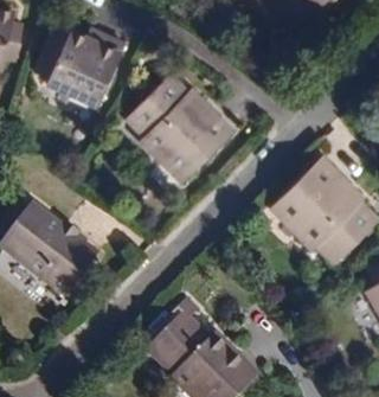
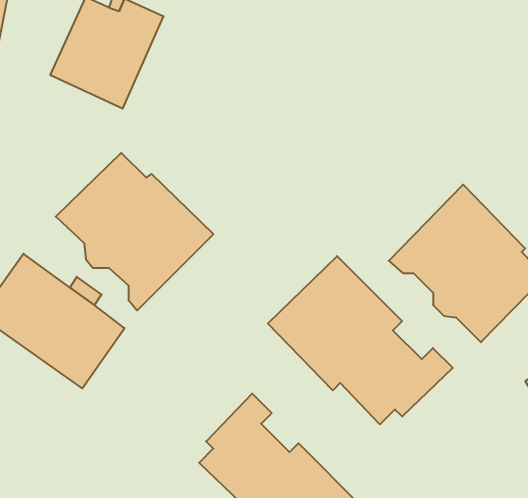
building: [127,78,232,184] -> [56,153,213,310]
building: none -> [268,256,453,424]

